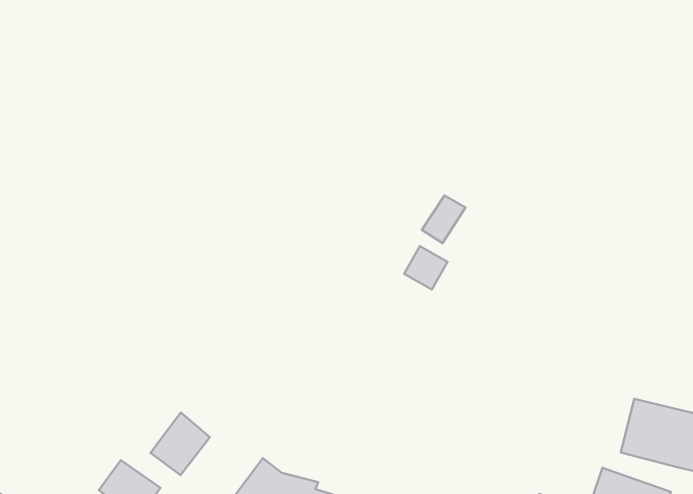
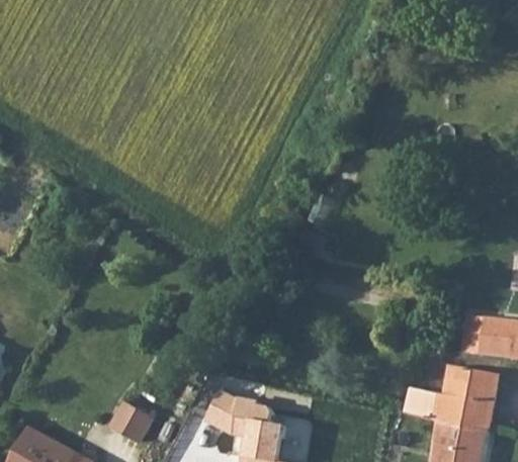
building: [151,412,210,475] -> none

